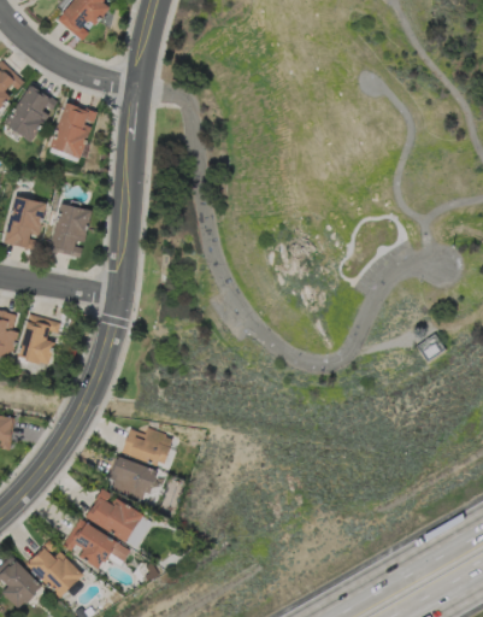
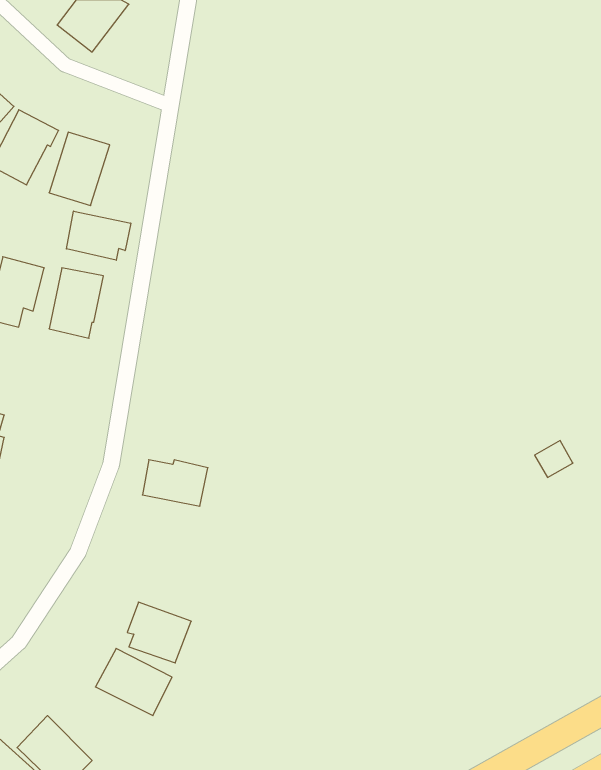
building: none -> [66,211,131,260]
building: [19,315,60,364] -> none
building: [123,429,172,464] -> [142,460,208,506]
building: [61,518,130,570] -> none

